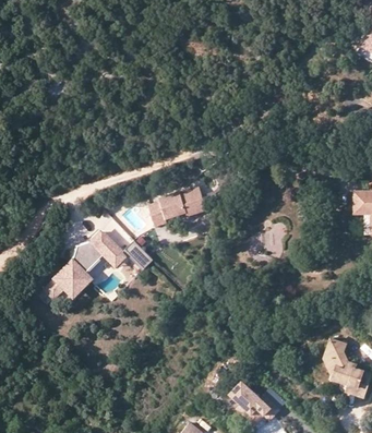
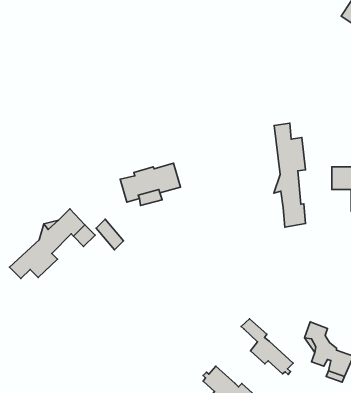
building: none -> [274,123,306,227]
building: none -> [241,319,293,375]

